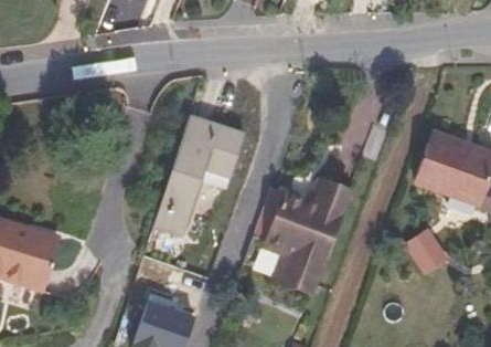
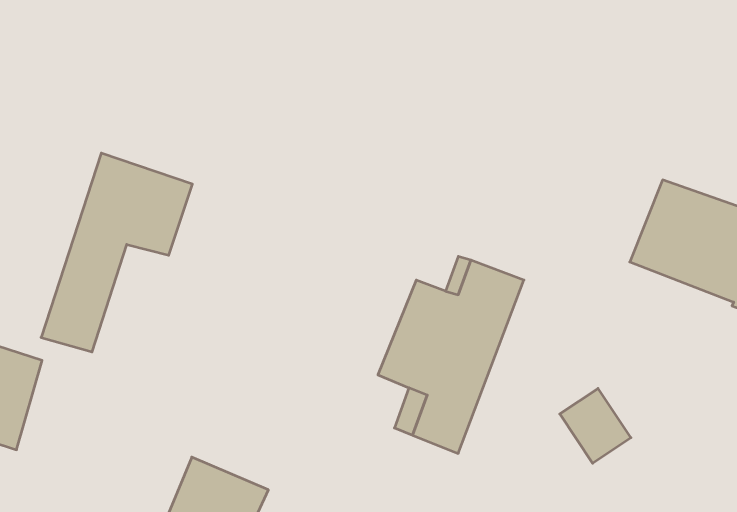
building: [153,117,245,238] -> [41,153,192,352]
building: [405,228,448,273] -> [560,388,631,463]

